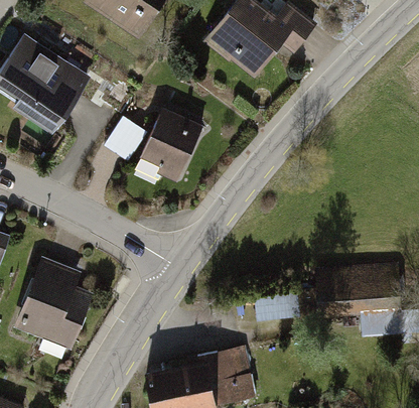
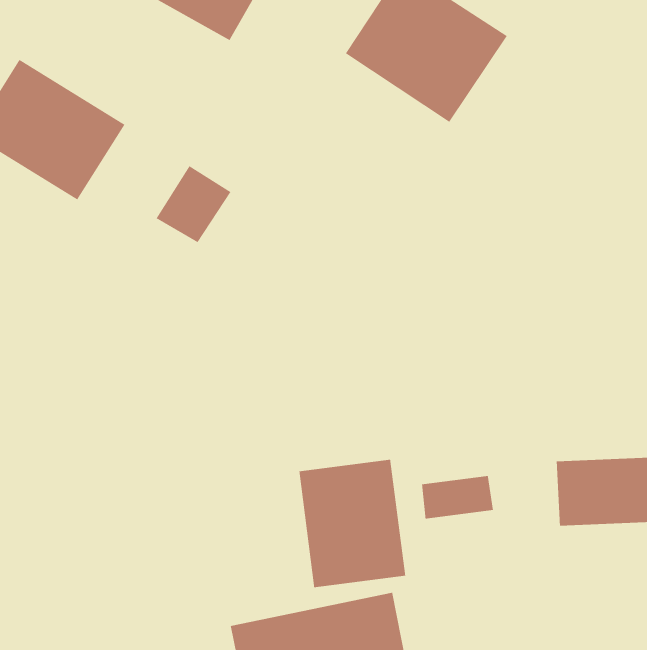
building: [139,114,200,184] -> none
building: [17,260,93,347] -> none
building: none -> [298,459,406,588]

